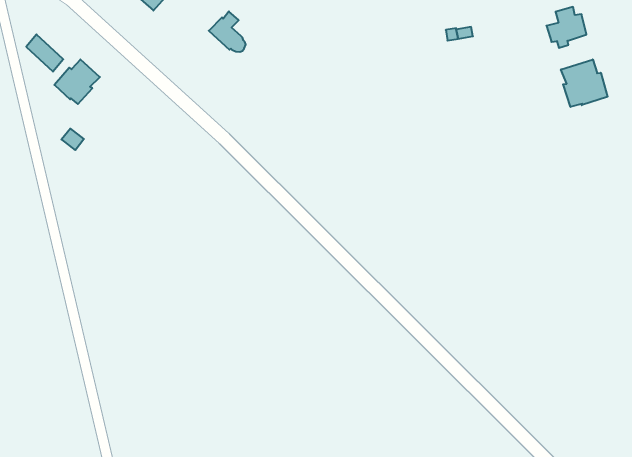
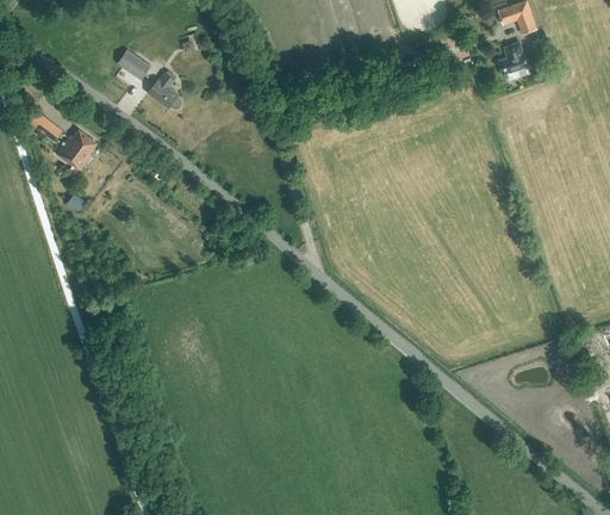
building: [209,11,246,52] -> [147,72,181,107]
building: [561,59,608,107] -> none

